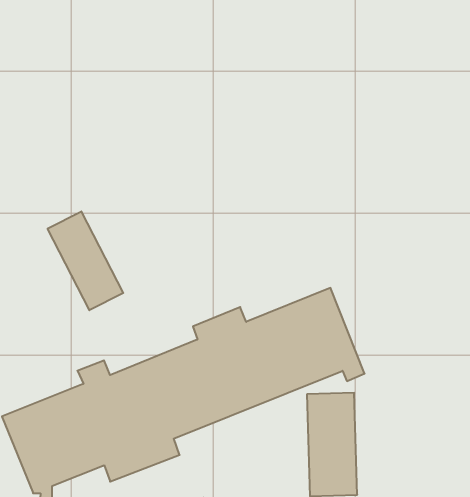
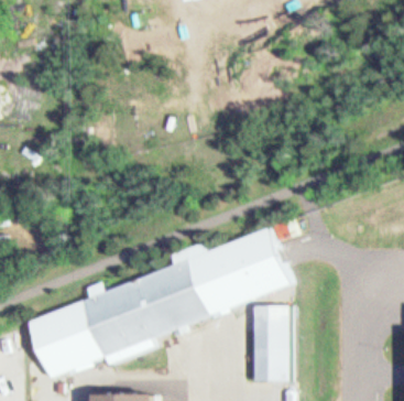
building: [48,211,123,310] -> none

